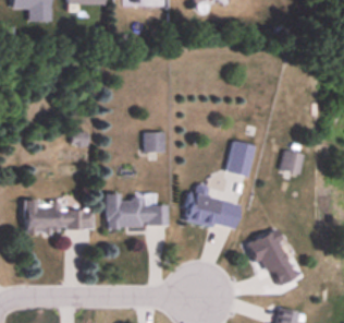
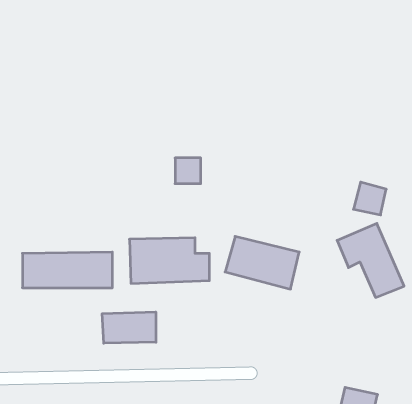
building: [225,141,253,176] -> none
building: [244,229,295,286] -> [337,223,404,297]
building: none -> [102,312,156,343]

